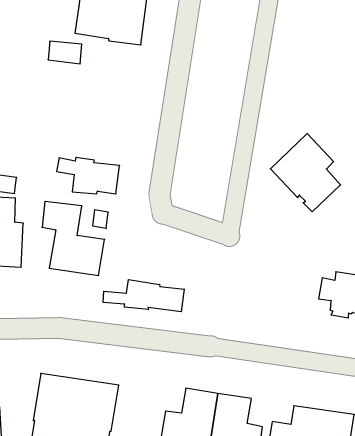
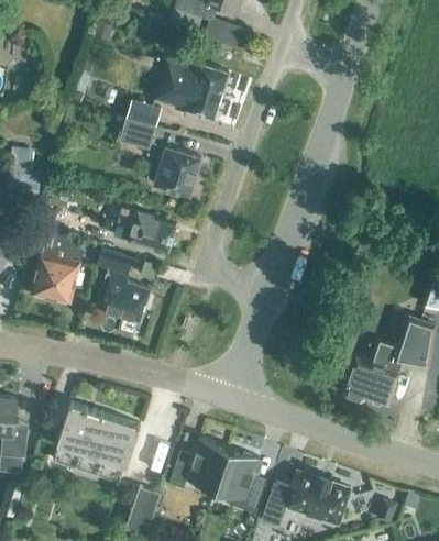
building: none -> [120,119,155,148]
building: none -> [154,146,201,195]
building: [270,134,341,212] -> none
building: [103,280,184,312] -> none

